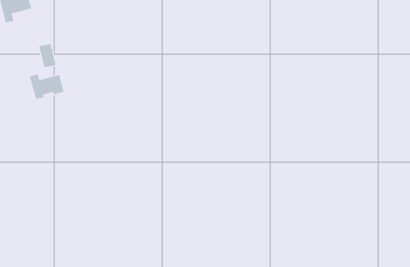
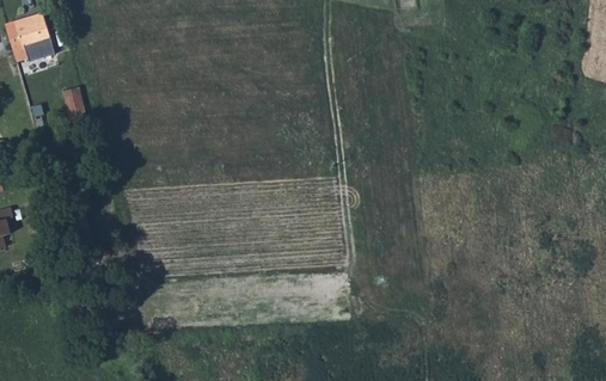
building: [29,73,64,100] -> none

